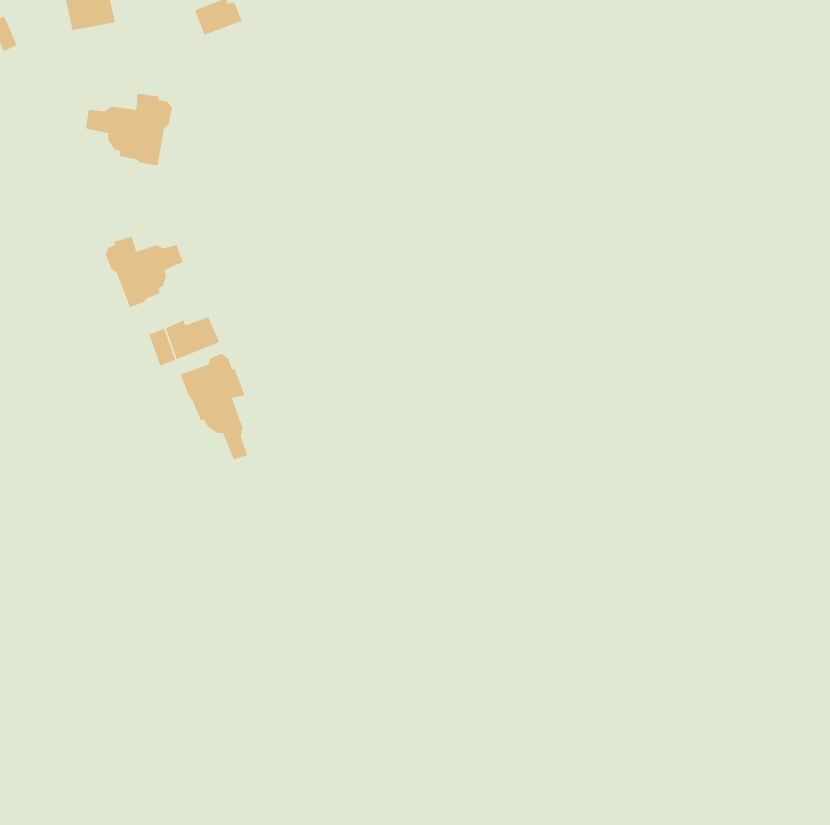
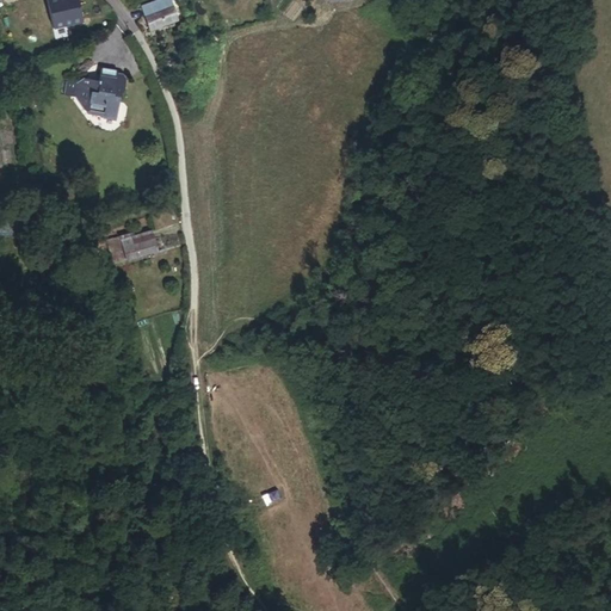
building: [105,235,184,308] -> none
building: [179,353,248,461] -> none

